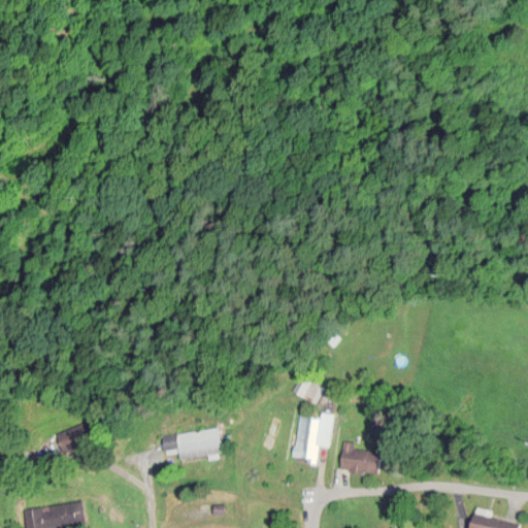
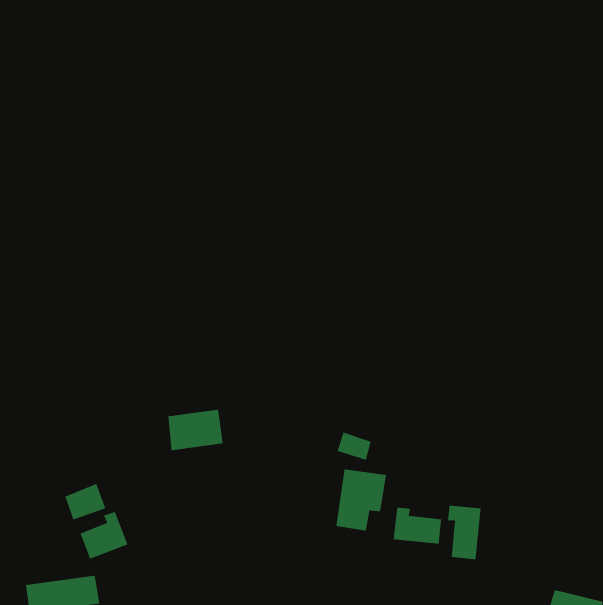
building: [174,428,223,464] -> [167,409,223,451]
building: none -> [447,505,481,560]
building: none -> [80,511,128,559]

